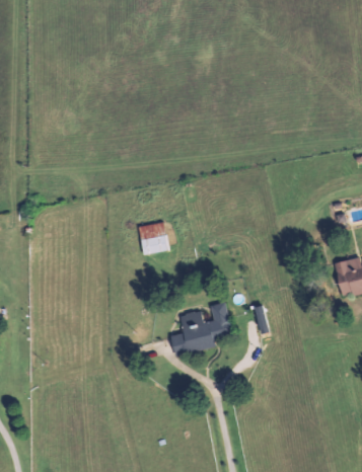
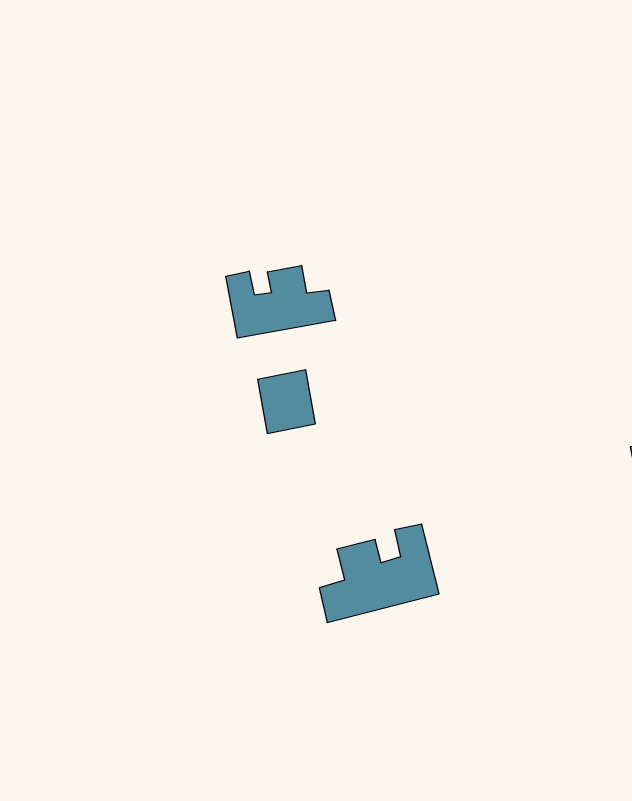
building: none -> [226,265,335,338]

